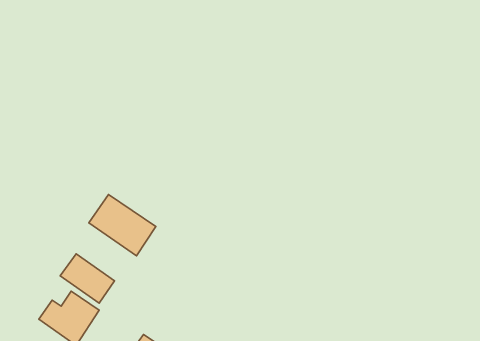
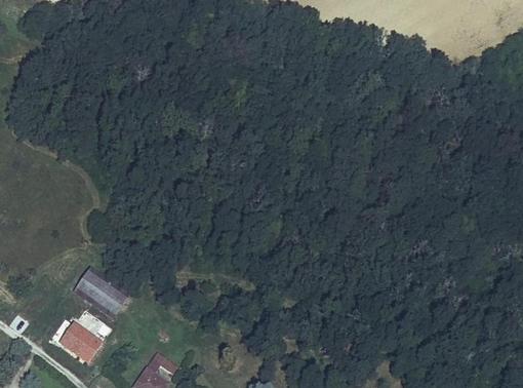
building: [89,195,156,256] -> none

